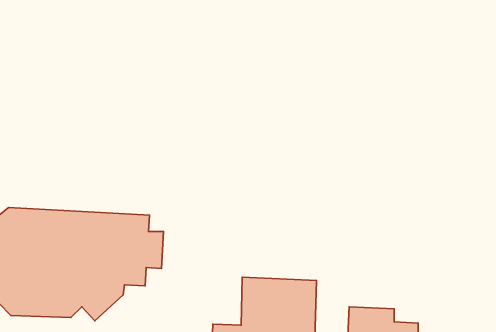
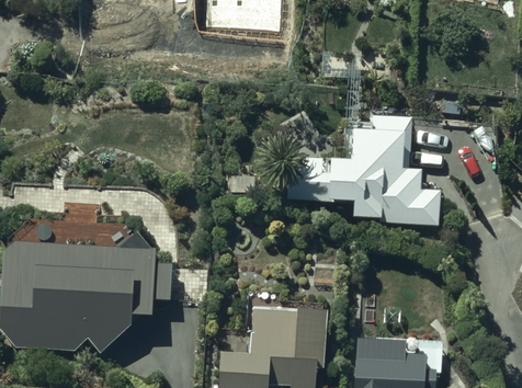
building: none -> [286,113,441,222]

